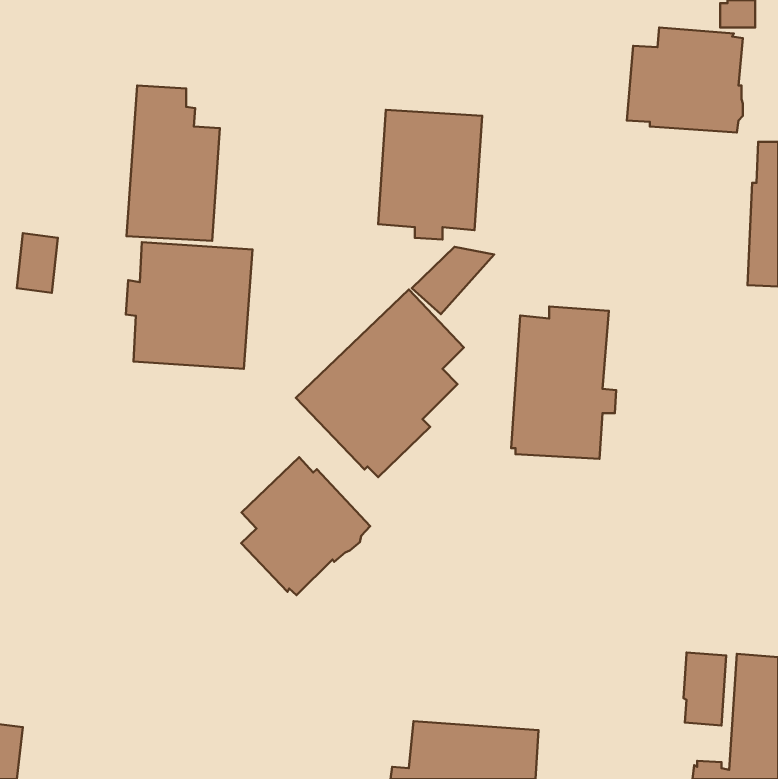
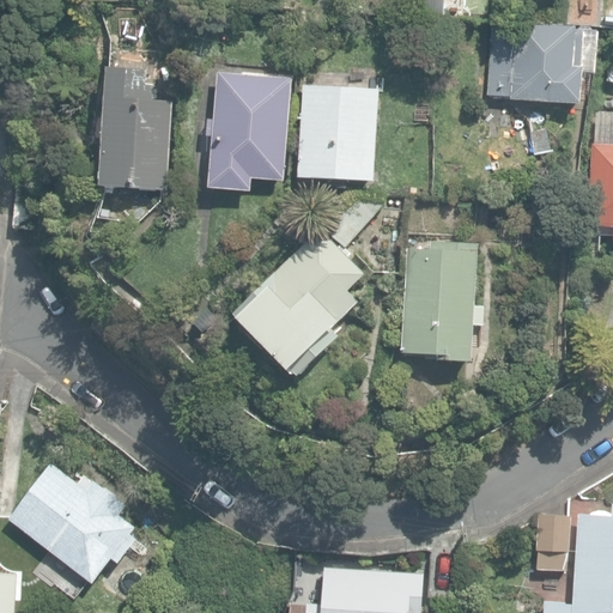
building: none -> [207,72,291,190]
building: [126,242,252,369] -> none
building: [241,457,370,595] -> none
building: none -> [8,462,135,582]

